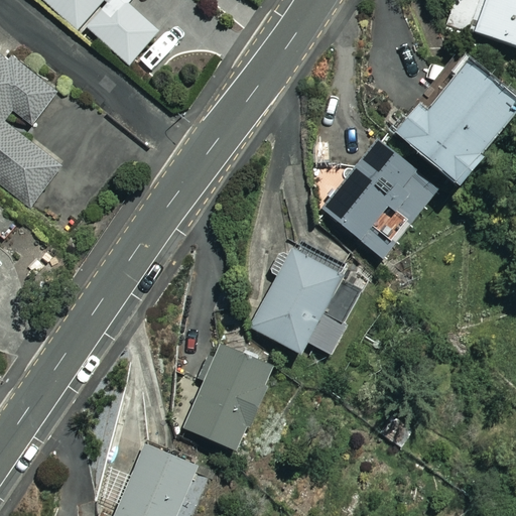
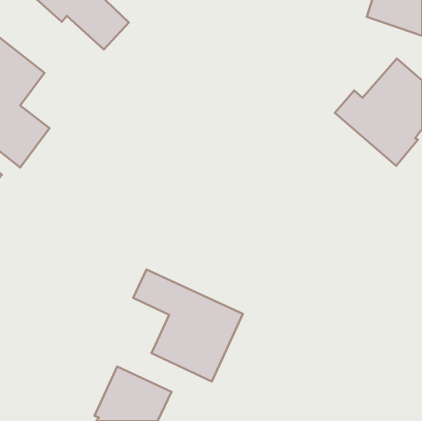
building: [321,138,441,259] -> none
building: [248,244,360,361] -> none

